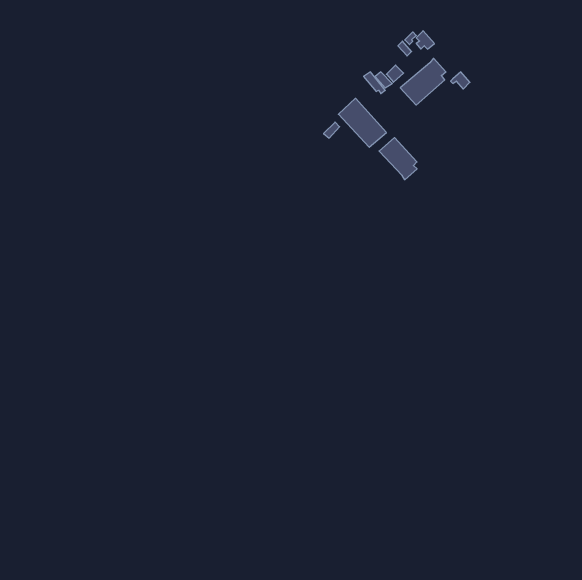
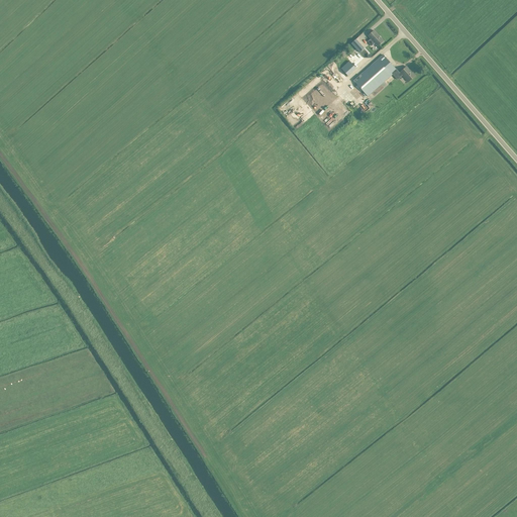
building: [379,138,417,180] -> none

